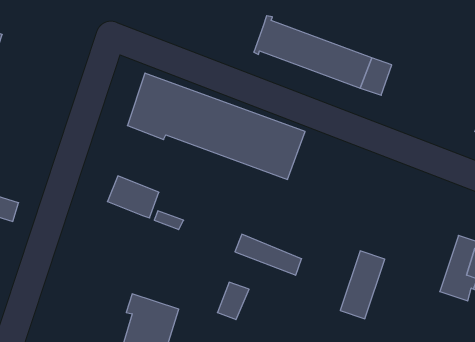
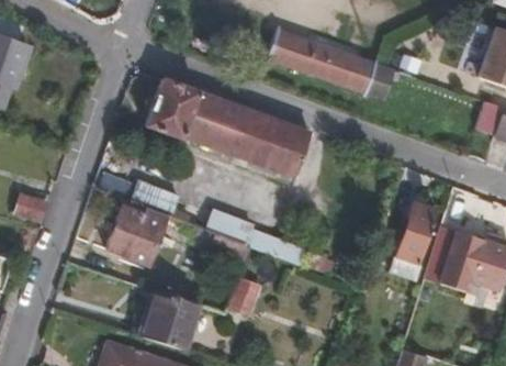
building: none -> [98,196,160,264]
building: none -> [204,207,256,247]
building: [340,251,385,319] -> [396,201,438,265]

